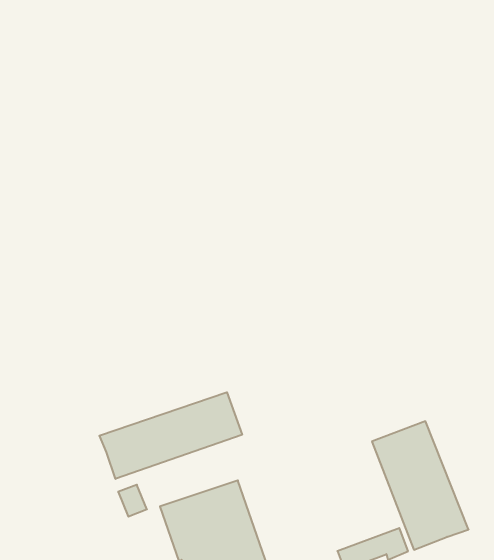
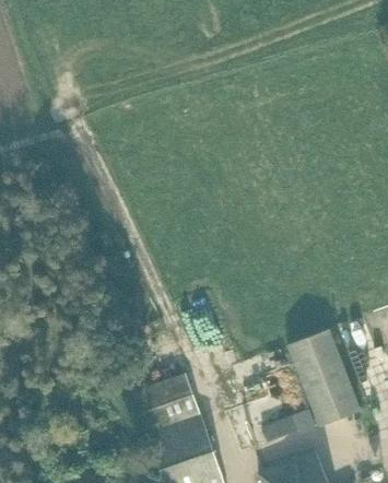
building: [99,392,242,479] -> none

